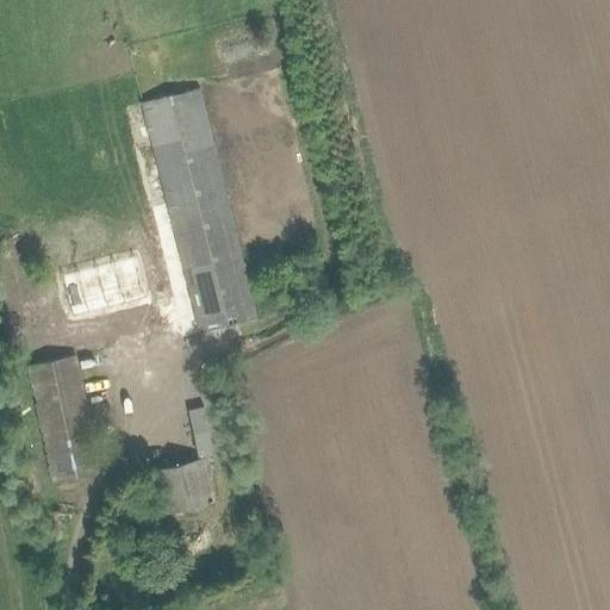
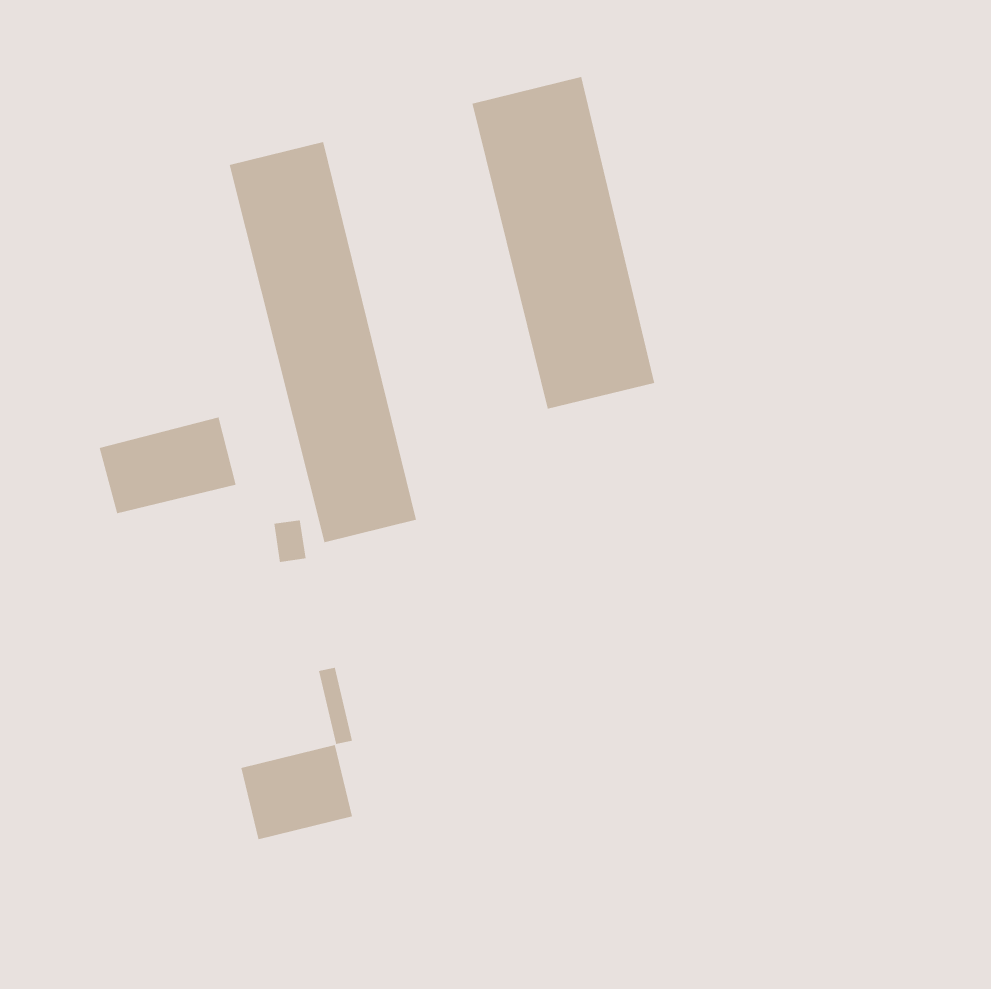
building: none -> [472,76,655,410]
building: [24,354,101,483] -> none

